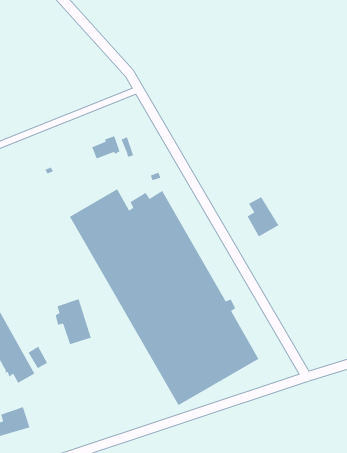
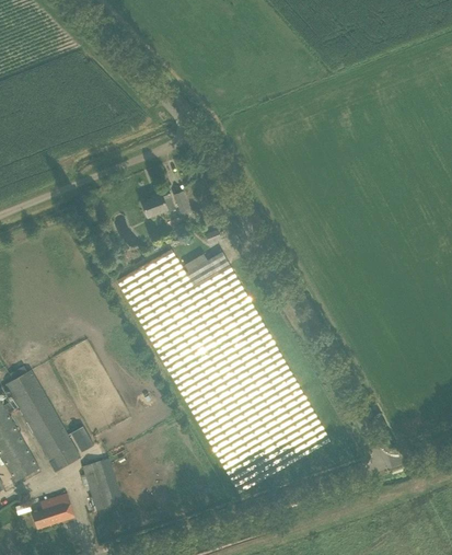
building: [247,196,279,238] -> none
building: [55,298,92,345] -> [80,456,121,509]

